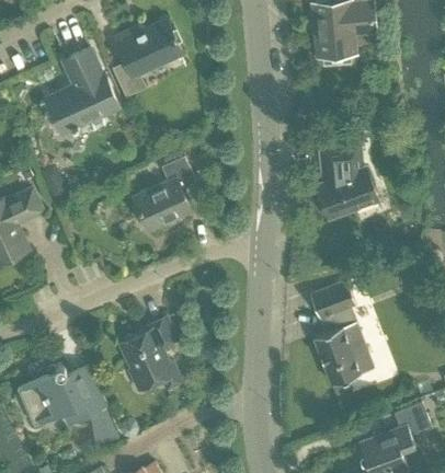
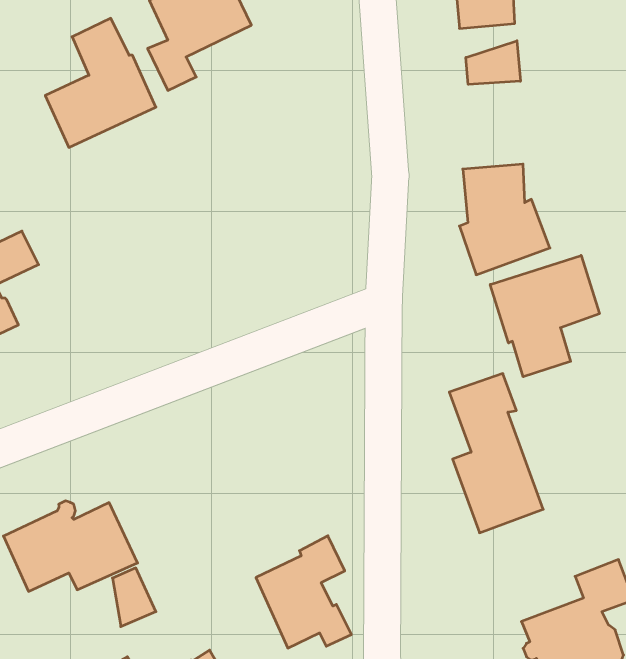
building: none -> [466,41,520,84]
building: [134,157,196,232] -> none
building: none -> [490,255,599,377]
building: [119,316,182,390] -> [256,536,351,648]

